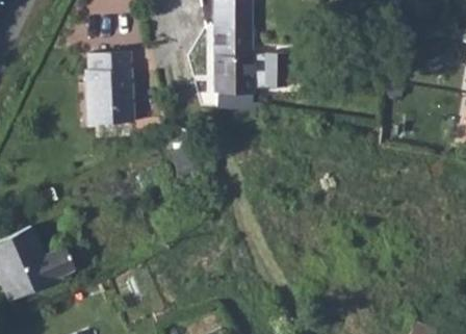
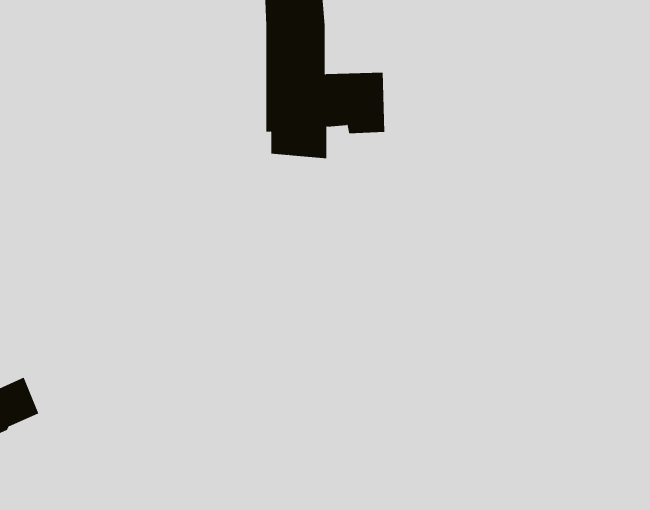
building: [85,52,133,124] -> none

